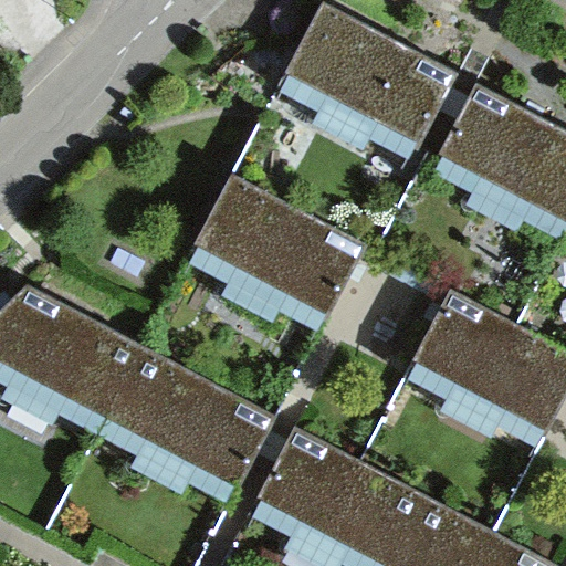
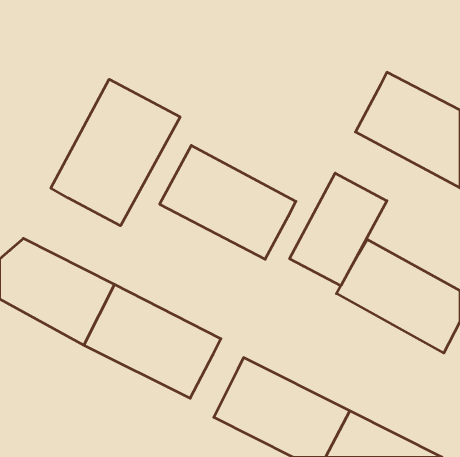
building: [283,9,454,153] -> none
building: none -> [51,79,180,226]
building: none -> [290,173,387,286]

